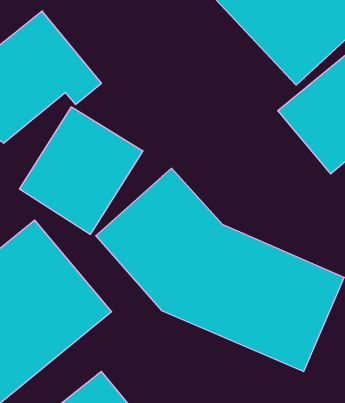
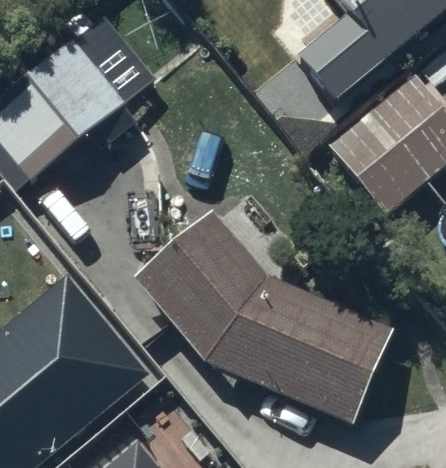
building: [20,107,143,234] -> none

